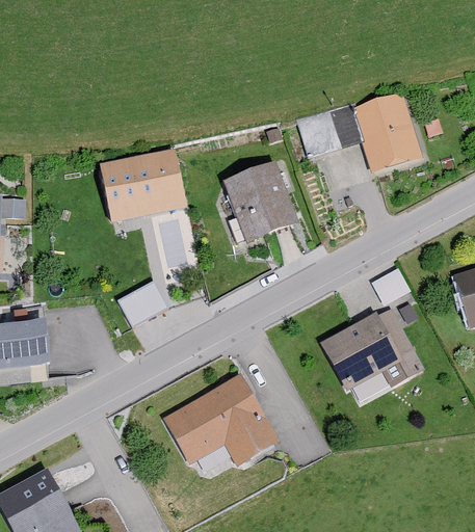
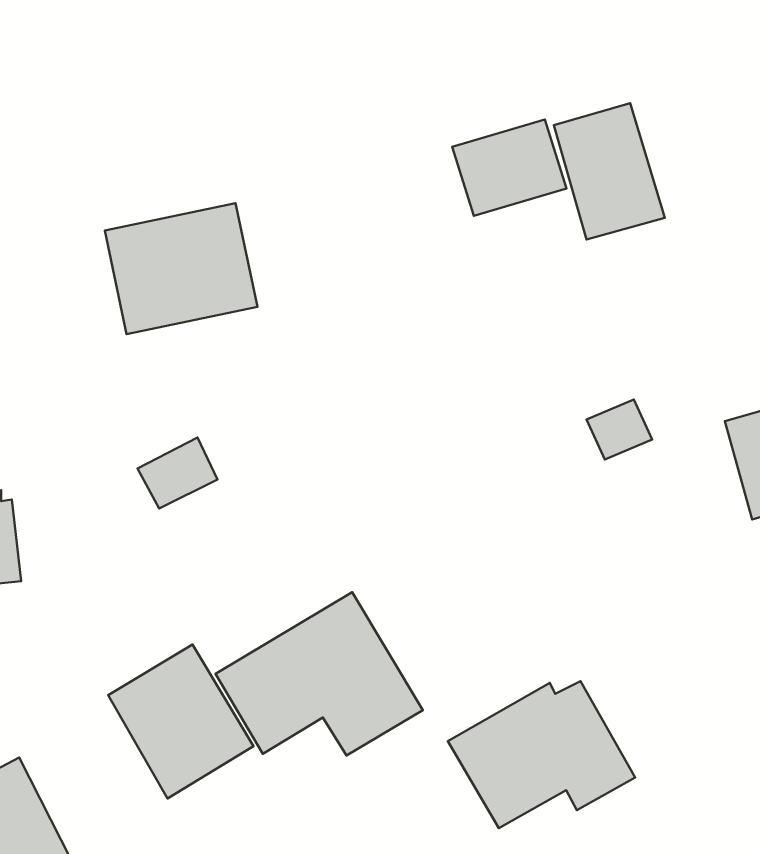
building: [225,161,298,239] -> none
building: [315,311,422,395] -> [448,681,635,828]
building: none -> [108,645,254,798]

